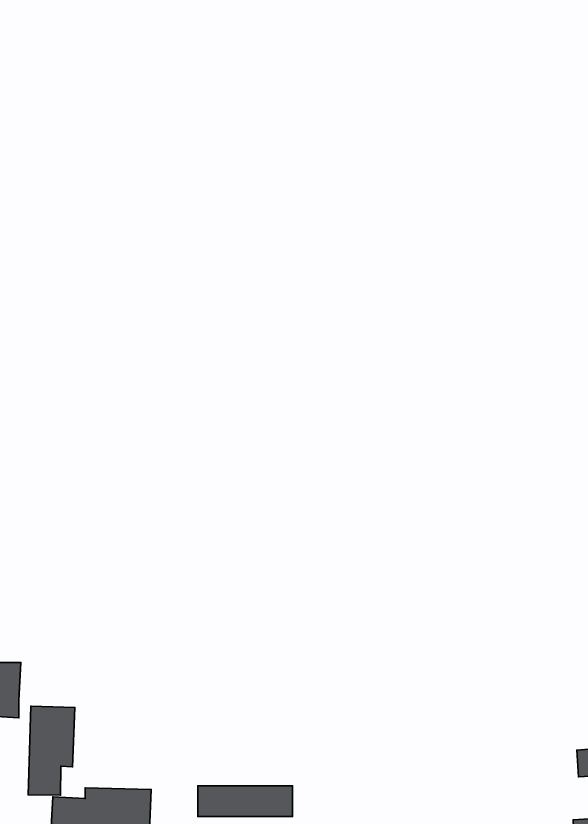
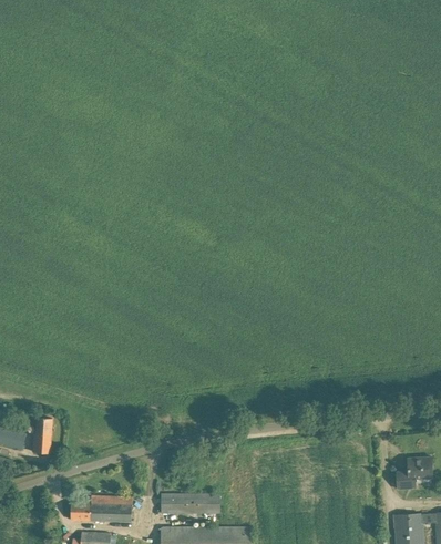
building: [28,706,75,795] -> none

